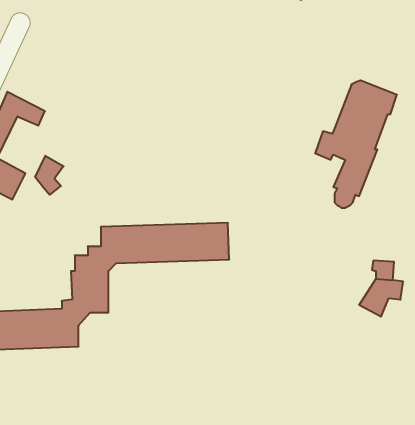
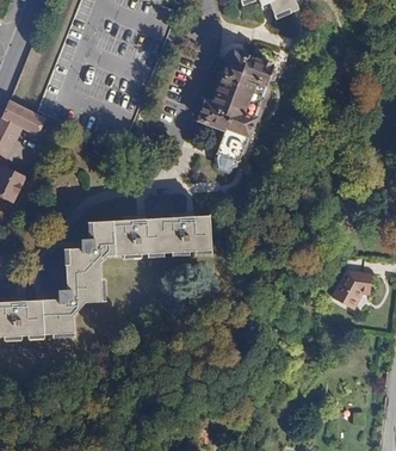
building: [315,81,397,208] -> [199,55,274,172]
building: [35,156,64,195] -> none

